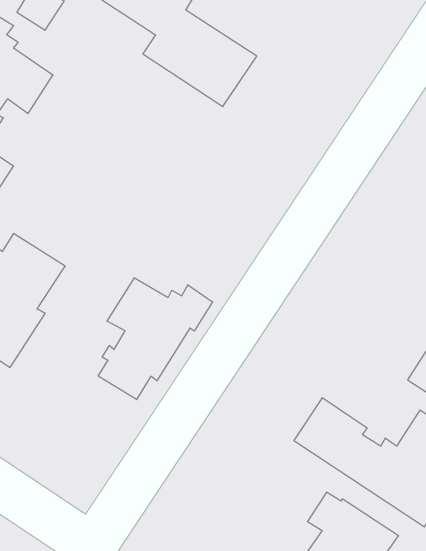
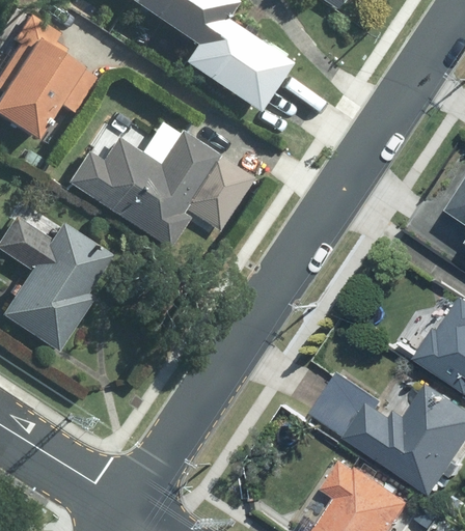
building: none -> [67,130,251,246]
building: [98,278,213,400] -> none

